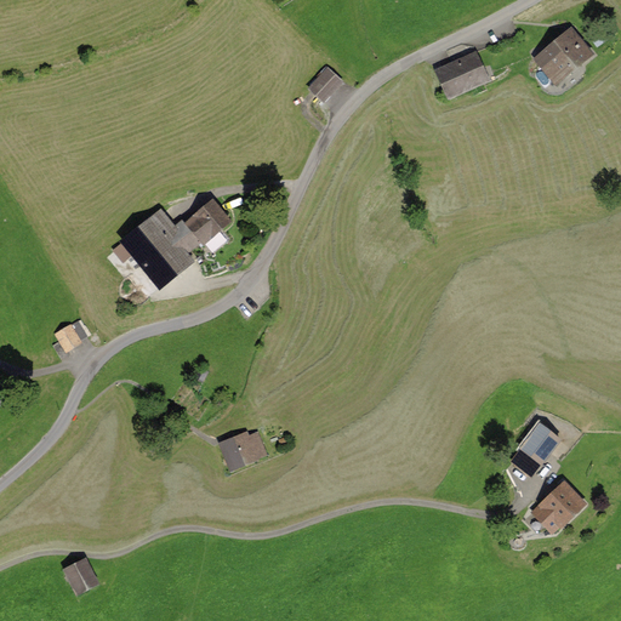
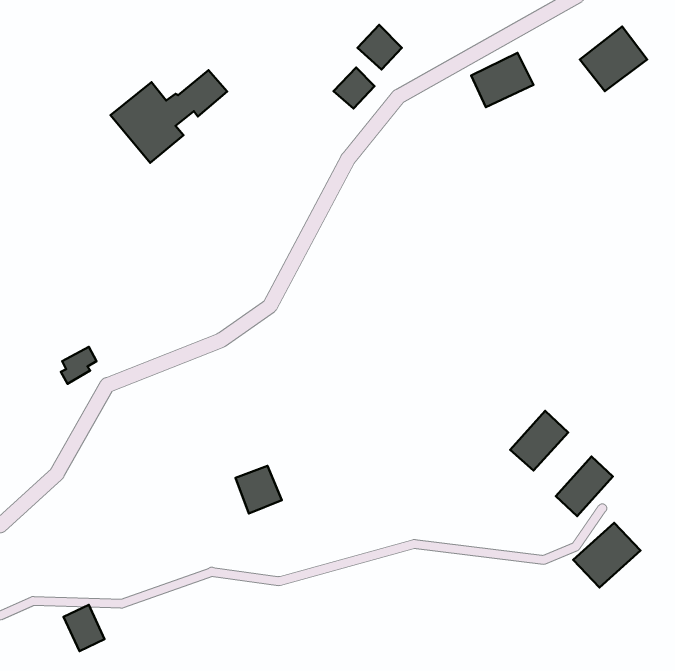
building: none -> [358,25,402,70]
building: [125,200,232,285] -> [111,70,227,163]
building: none -> [510,411,568,470]

